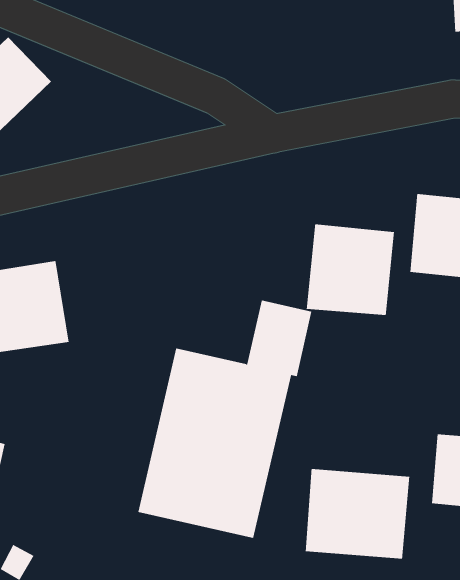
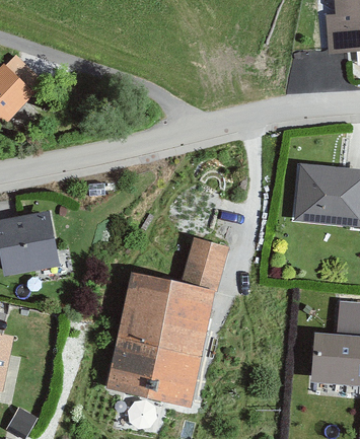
building: [306,224,395,316] -> none
building: [305,468,410,560] -> none

